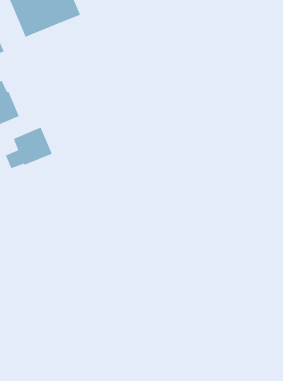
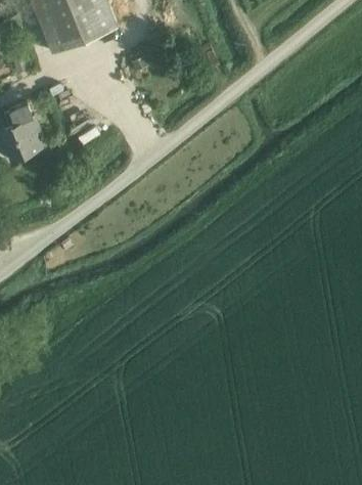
building: [5,126,53,169] -> none

